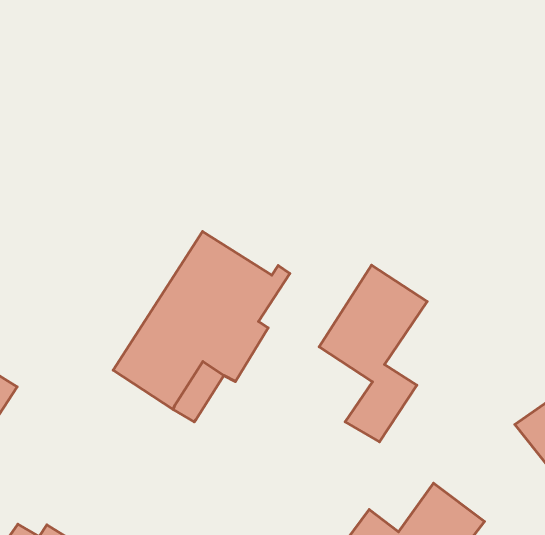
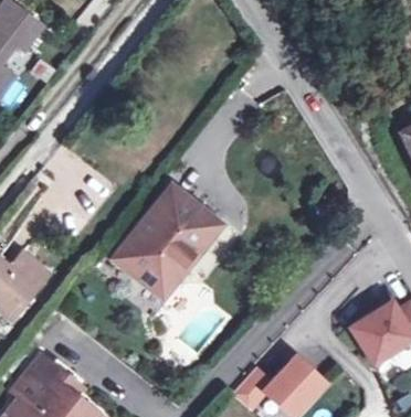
building: [319,265,427,442] -> none

